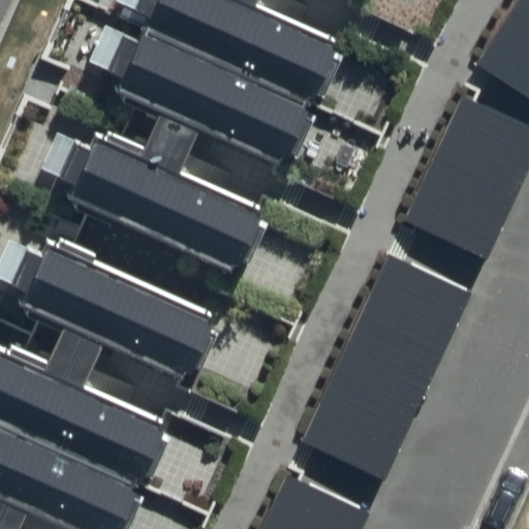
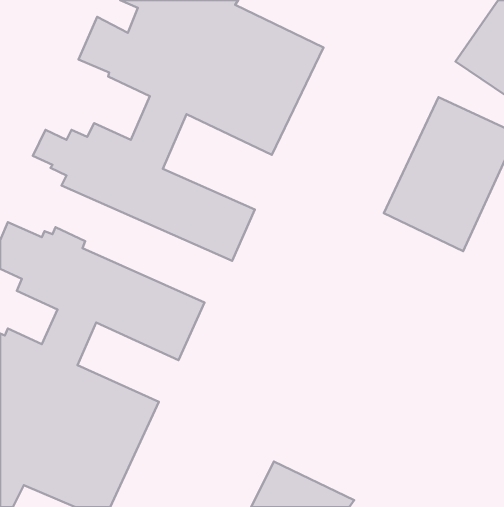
building: [300,260,472,481] -> none

